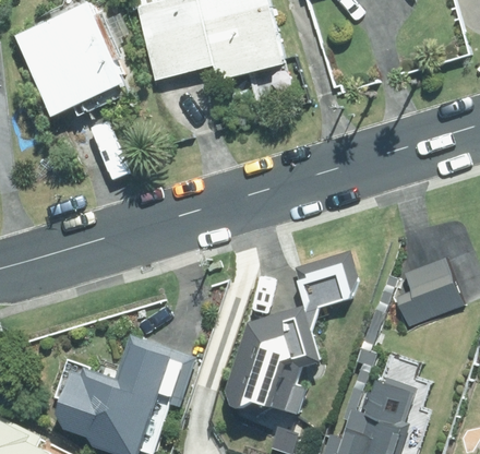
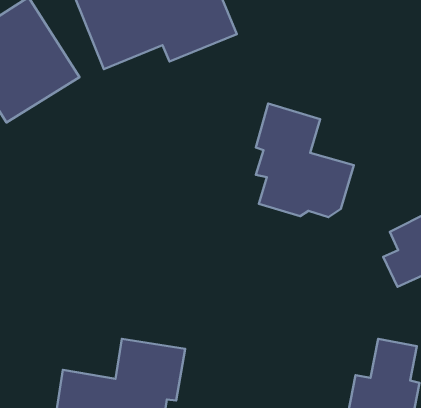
building: none -> [256,104,354,217]
building: [227,253,357,410] -> none

